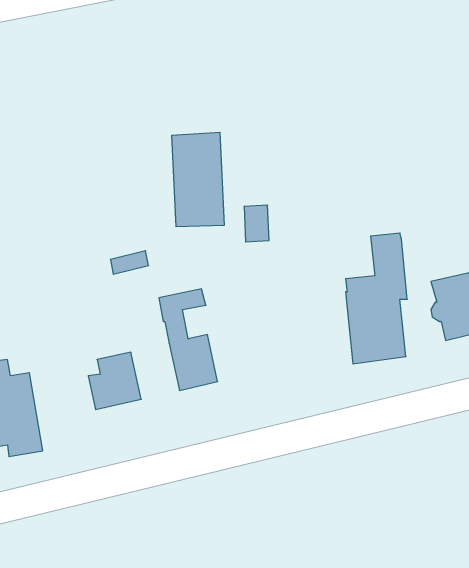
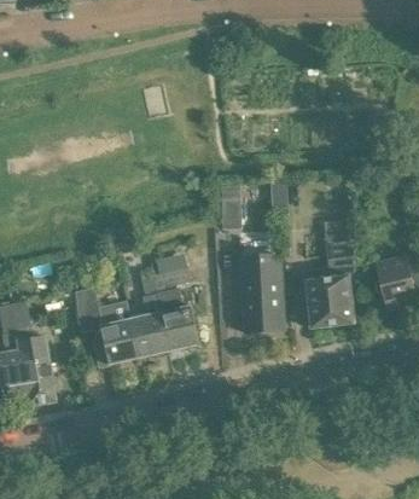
building: [172,132,224,227] -> [240,253,284,330]
building: none -> [128,273,168,356]
building: none -> [74,285,101,325]

